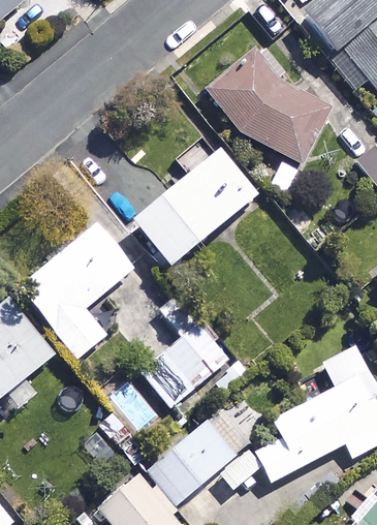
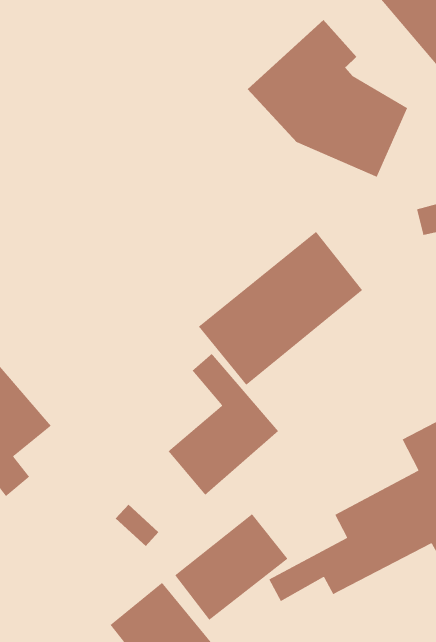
building: [131,148,258,267] -> [198,231,363,386]
building: [21,223,134,358] -> none

